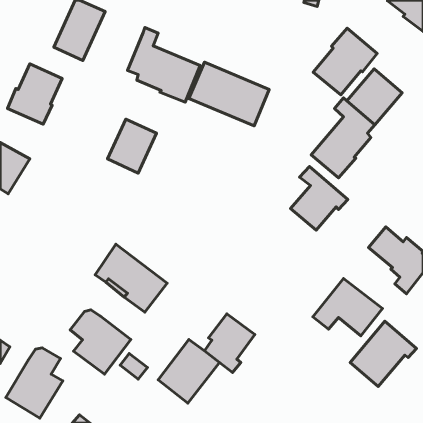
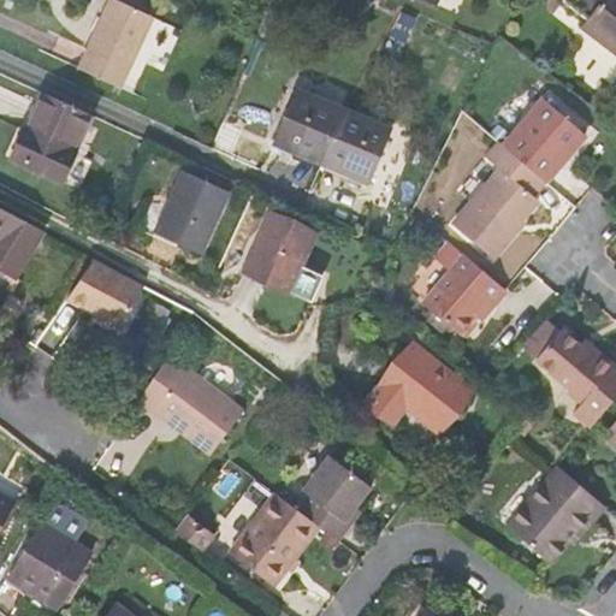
building: [128,28,200,102] -> none
building: [313,28,377,95] -> none
building: none -> [244,213,315,291]
building: none -> [66,259,144,328]
building: [313,279,382,336] -> [368,346,469,430]
building: [70,310,131,374] -> none

